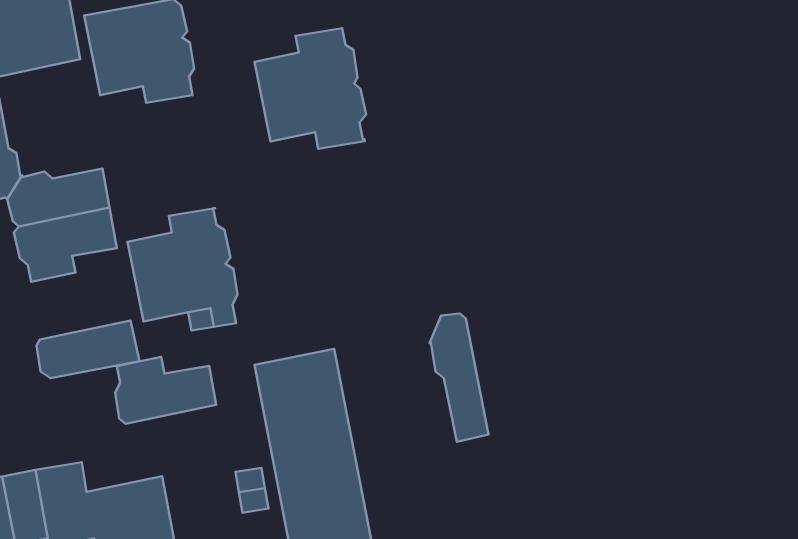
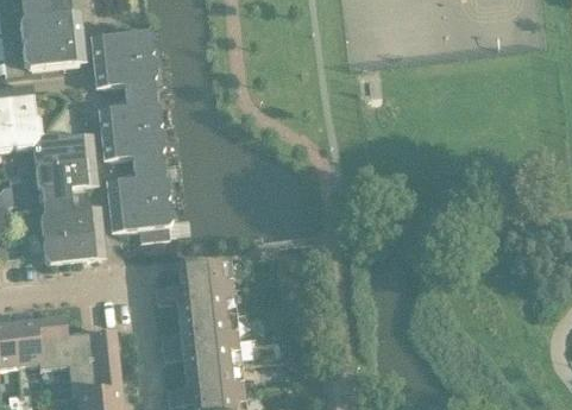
building: [255,28,366,149] -> [96,92,164,166]
building: [429,313,488,442] -> none
building: [115,357,216,424] -> [39,197,102,238]

